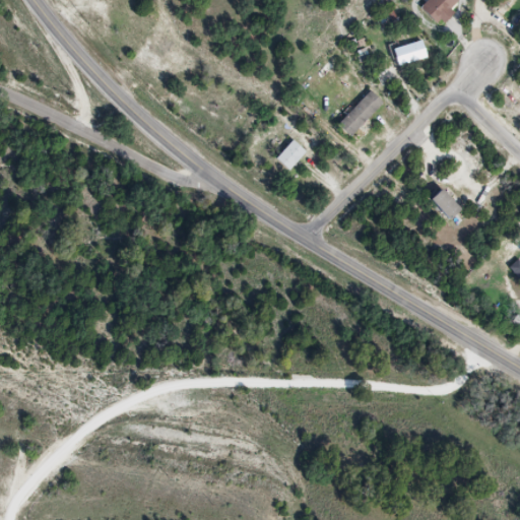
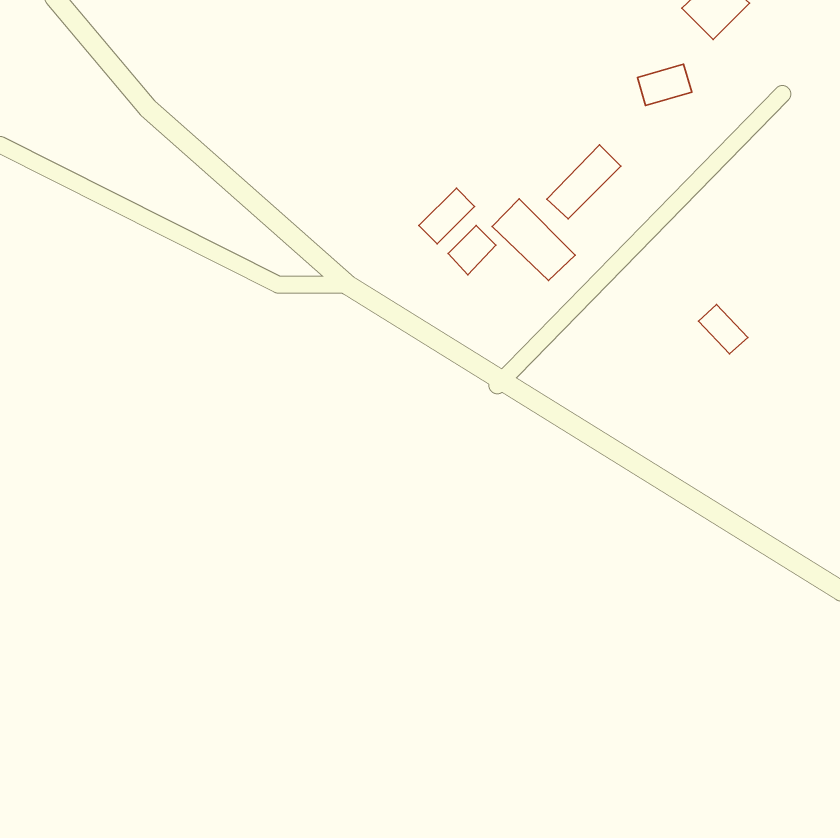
building: none -> [419,188,474,244]
building: none -> [492,199,575,281]

